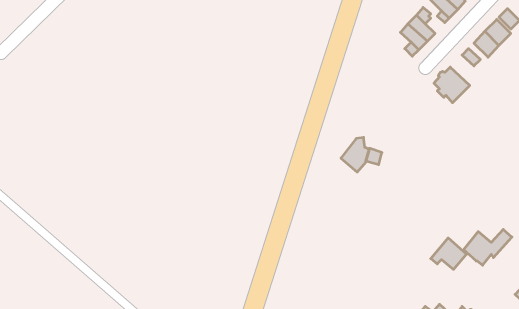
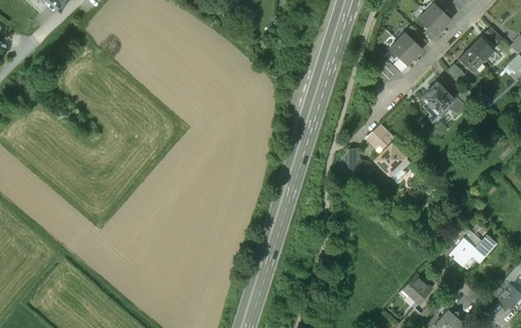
building: none -> [366,124,410,178]
building: [431,238,467,269] -> [398,273,432,302]

